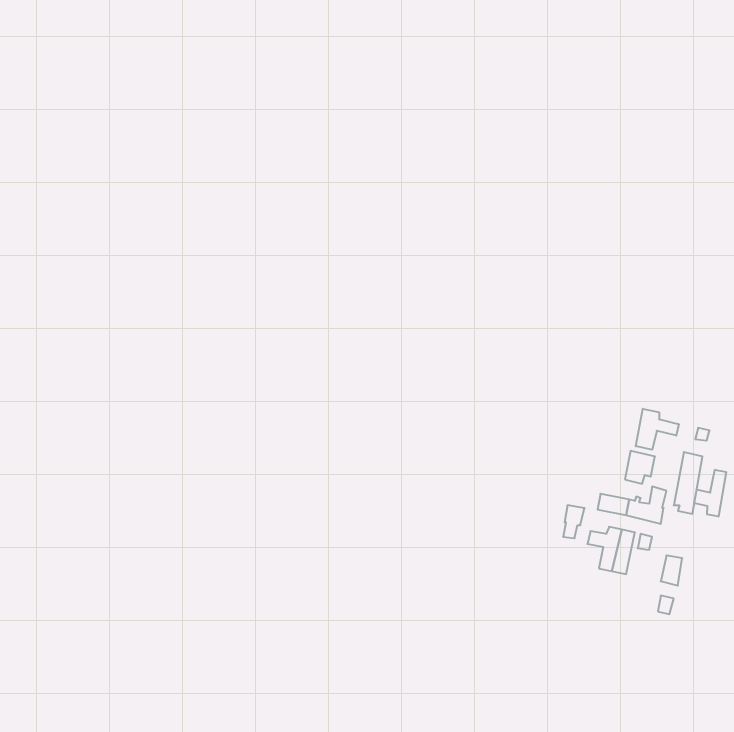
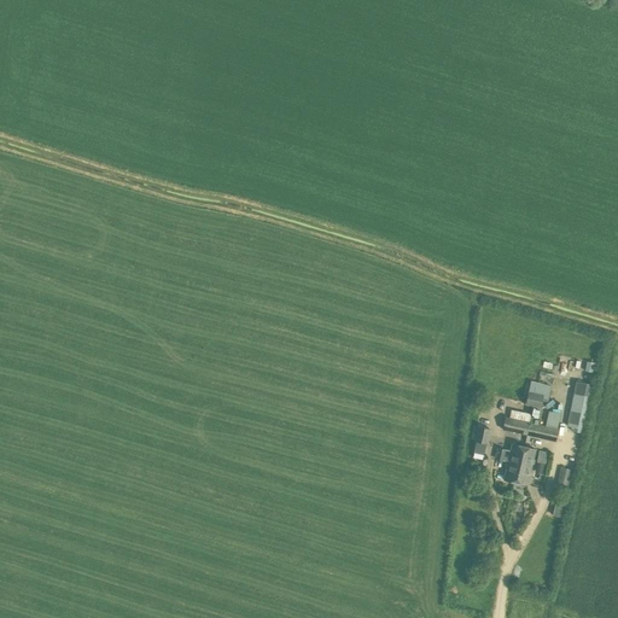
building: [636,409,679,450] -> none
building: [694,470,726,517] -> none

